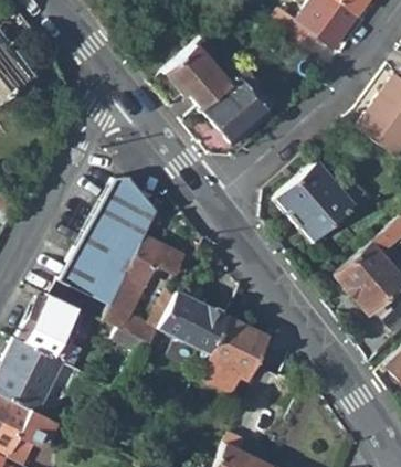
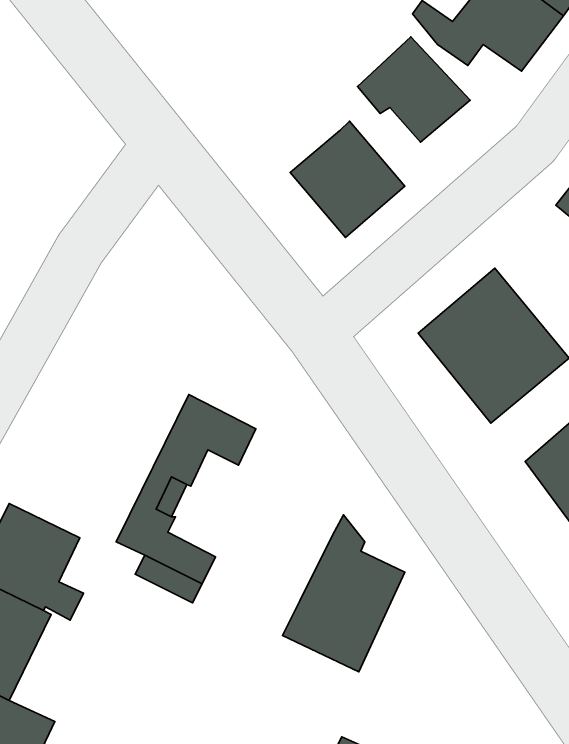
building: [166,44,231,105] -> [357,37,470,142]
building: [64,178,156,303] -> none
building: [159,290,226,352] -> none

